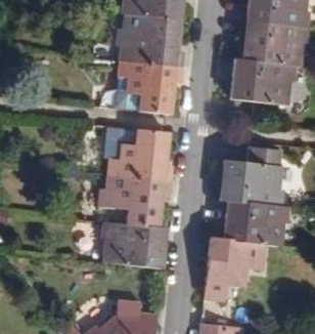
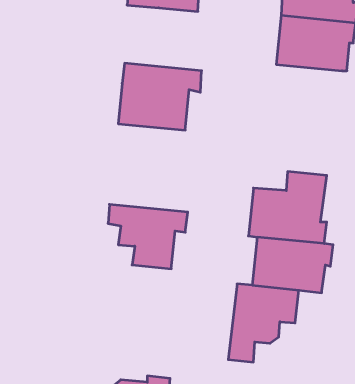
building: [120,13,184,65] -> none
building: [230,58,296,103] -> none
building: [102,124,173,179] -> none
building: [101,220,166,267] -> none

